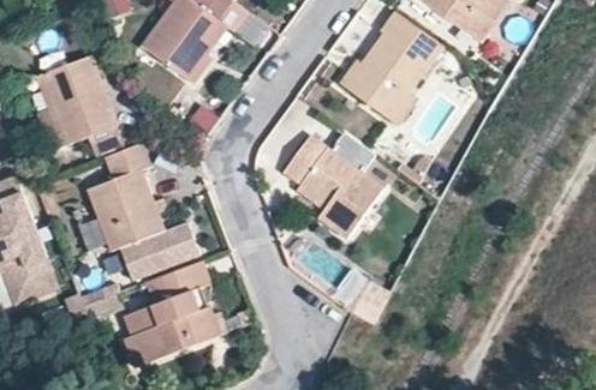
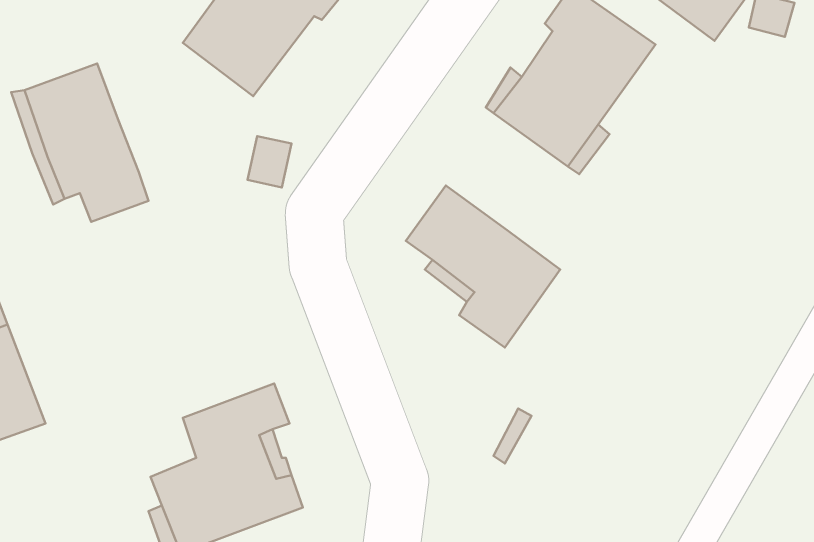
building: [89,144,201,278] -> none

